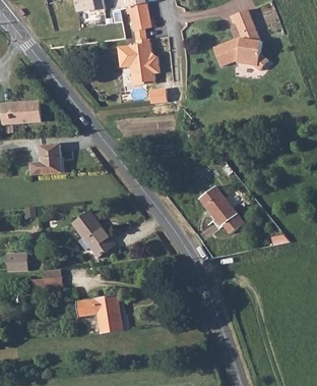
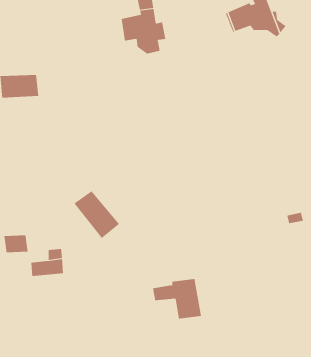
building: [31,146,61,176] -> none
building: [198,187,245,234] -> none
building: [77,295,124,334] -> [152,278,202,319]

